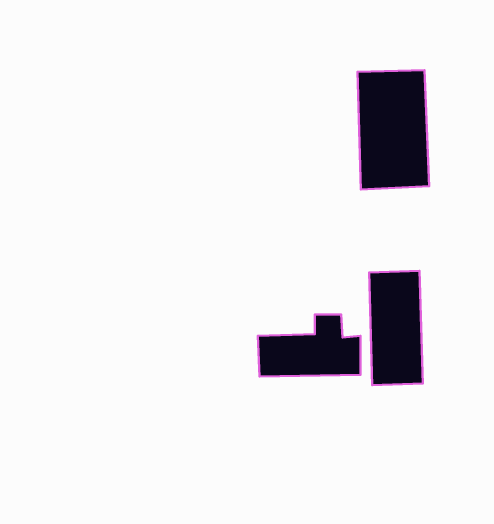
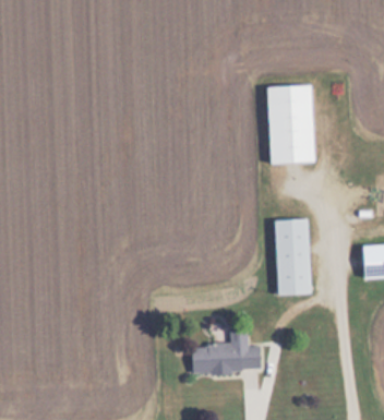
building: [258,315,361,377] -> [192,332,261,373]

